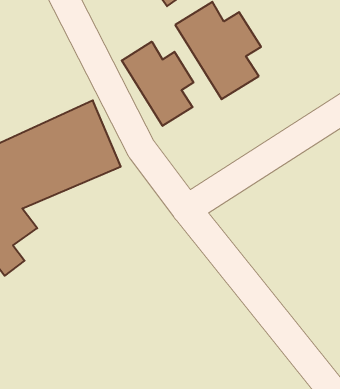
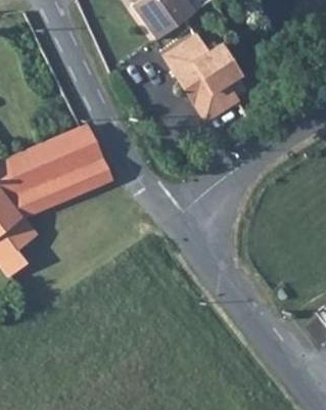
building: [122,42,193,126] -> none

